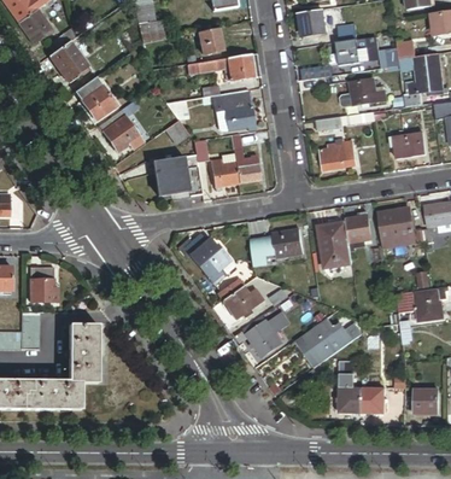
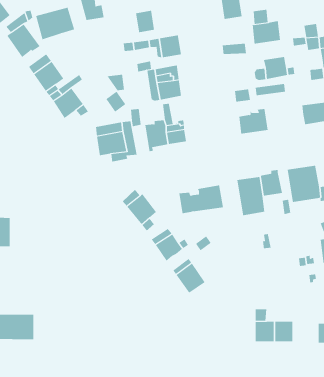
building: none -> [36,7,75,40]
building: [298,317,362,363] -> none
building: [69,323,98,381] -> none

